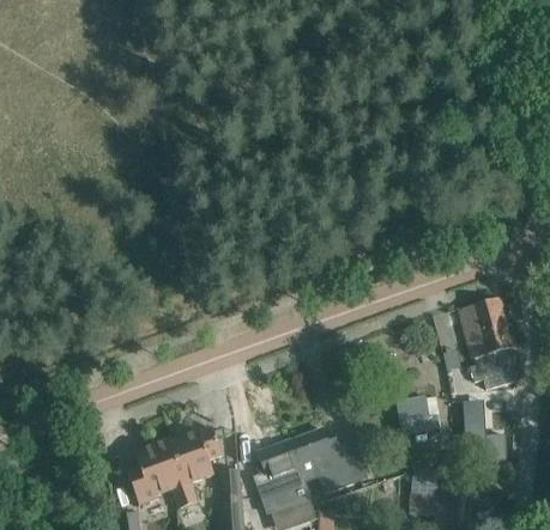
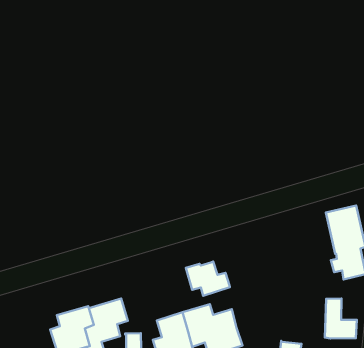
building: none -> [186,262,230,296]
building: [397,398,430,434] -> none

